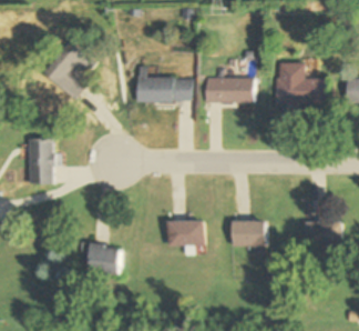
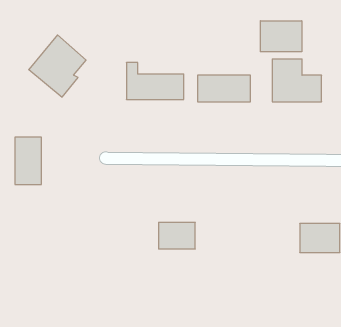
building: none -> [260,21,302,52]
building: [229,219,264,245] -> none
building: [86,243,122,273] -> none

